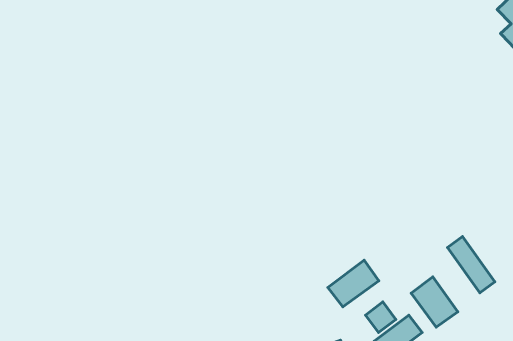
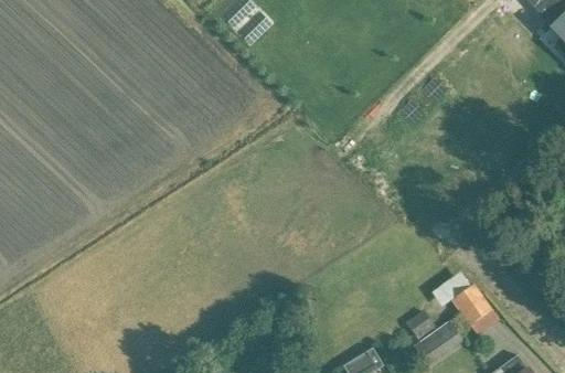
building: [447,237,495,293] -> none
building: [328,260,379,307] -> none

